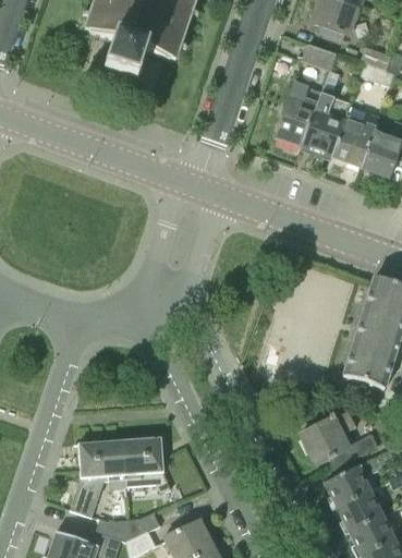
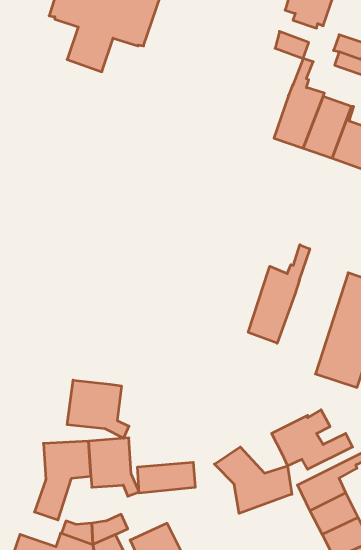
building: [273,82,316,146] -> none
building: none -> [248,245,310,343]
building: none -> [67,380,129,438]
building: none -> [214,447,292,513]
building: none -> [138,462,195,493]

